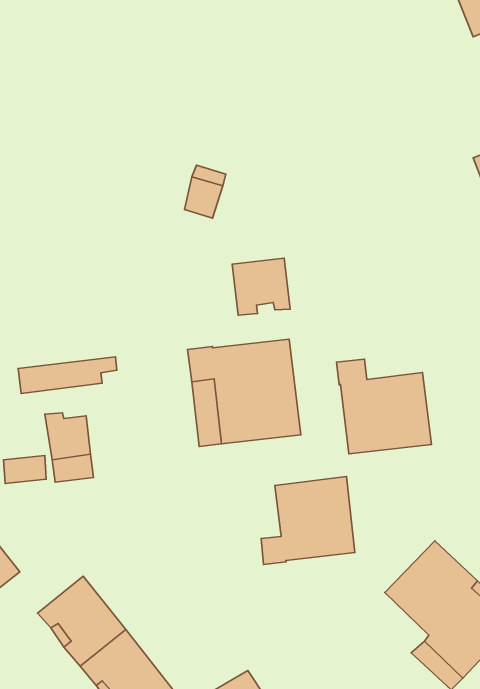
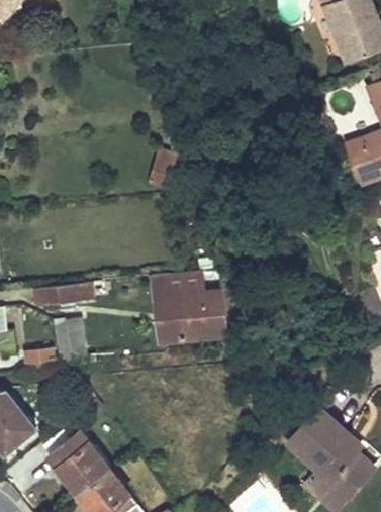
building: [232,258,290,315] -> none
building: [337,359,432,454] -> none
building: [261,476,355,564] -> none

